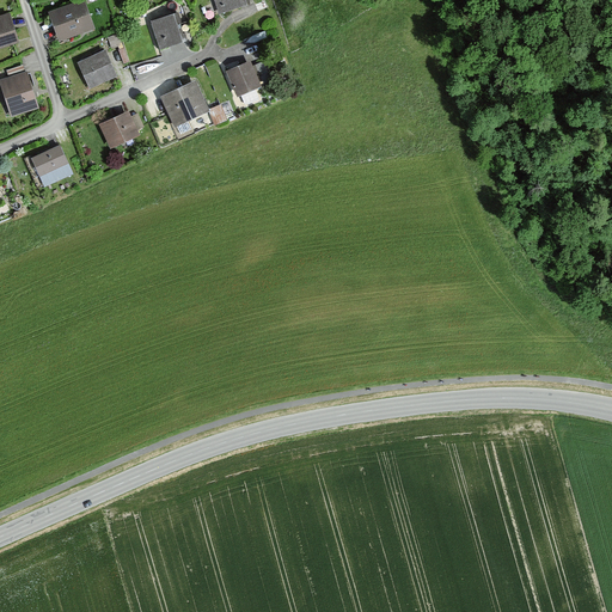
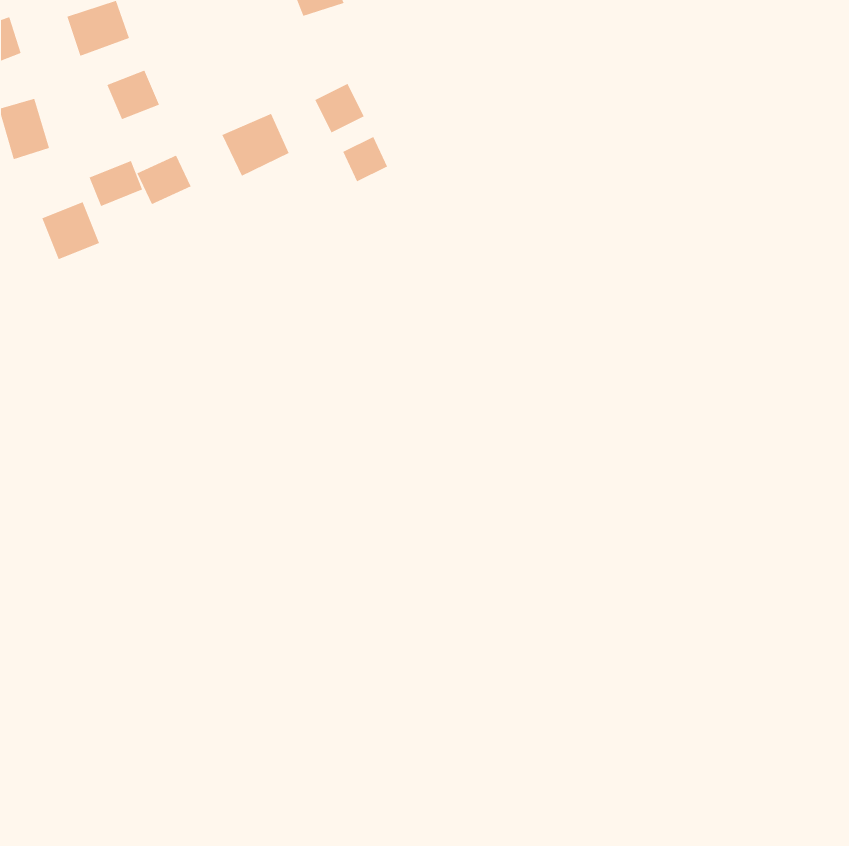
building: [149,12,185,48] -> none
building: none -> [343,136,388,182]
building: none -> [89,160,143,207]

